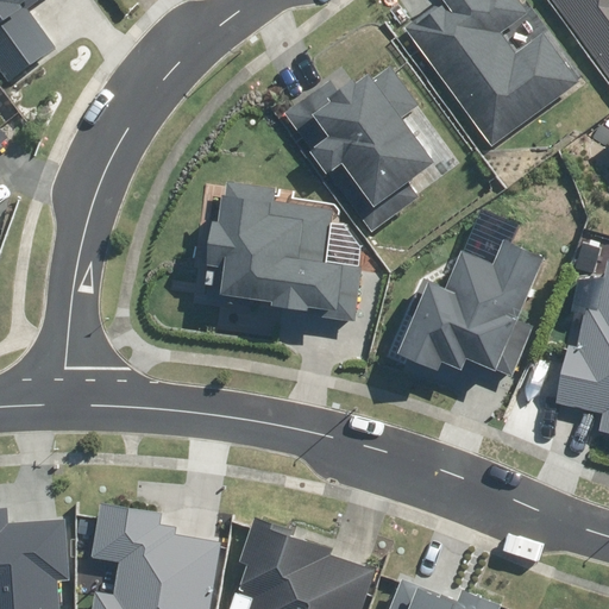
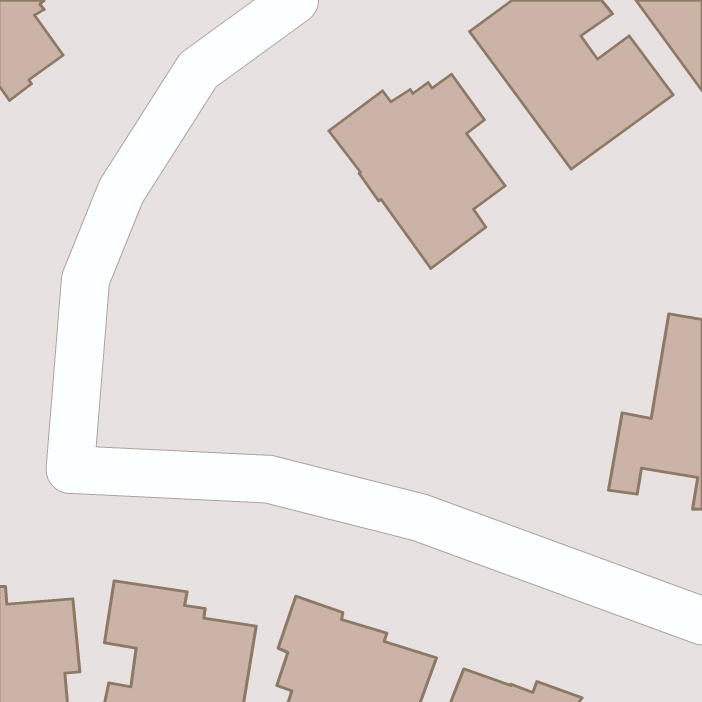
building: [206,181,363,322] -> none
building: [398,239,545,378] -> none

